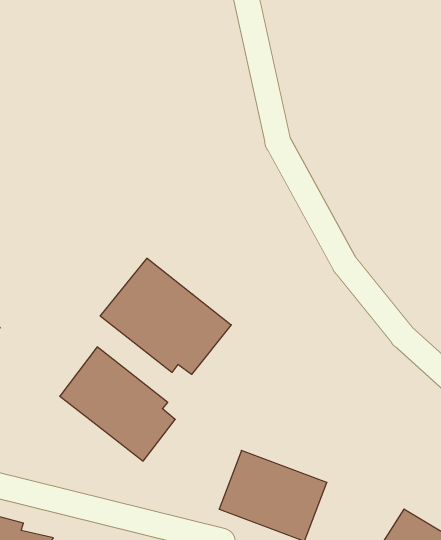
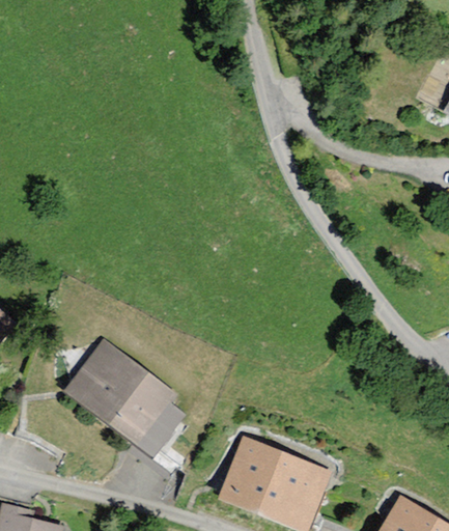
building: [100,258,231,374] -> none

